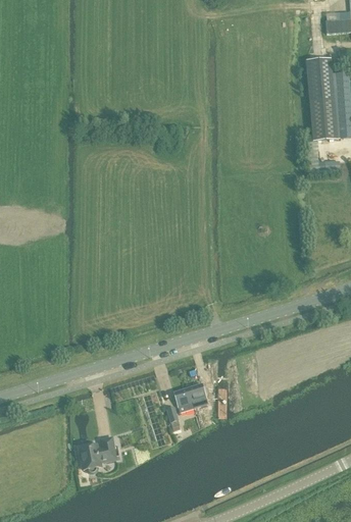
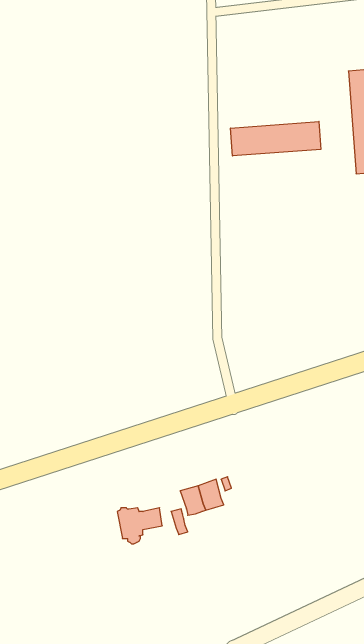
building: none -> [231,121,321,156]
building: [81,443,116,472] -> [117,508,162,544]

